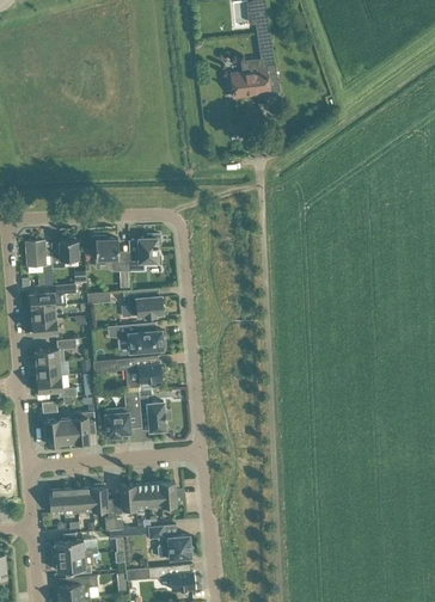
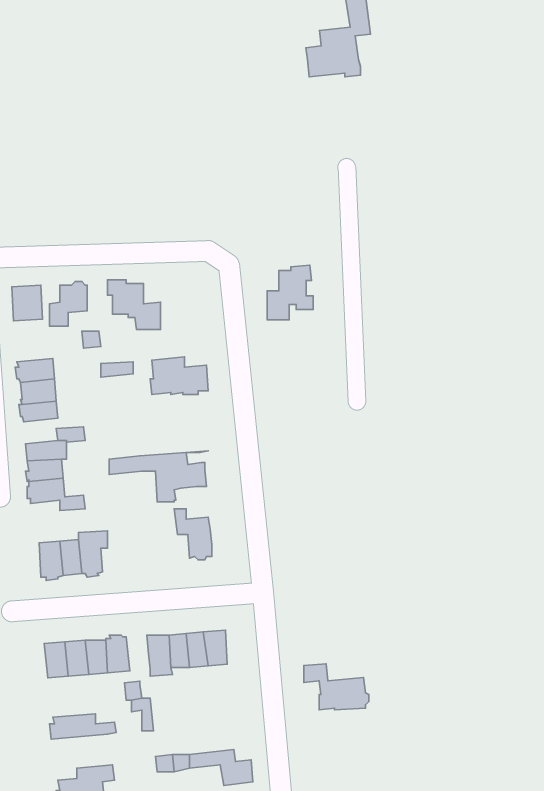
building: [129,233,161,271] -> [267,265,313,320]
building: [106,322,166,355] -> none
building: [104,391,141,436] -> none
building: [148,524,194,557] -> [304,664,369,710]
building: [53,553,93,573] -> none

